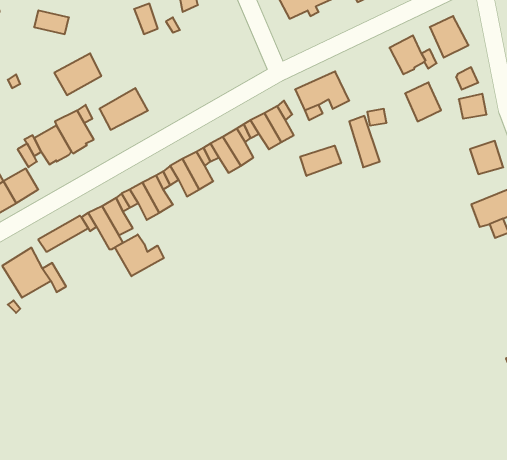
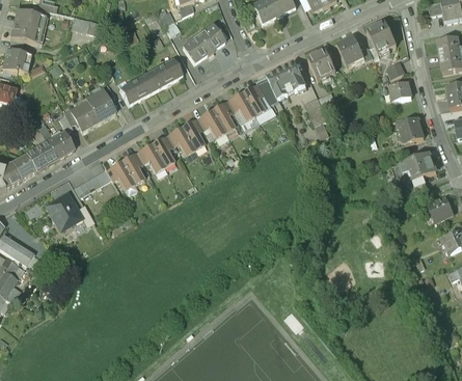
building: none -> [183,26,224,63]
building: [54,53,101,95] -> [146,59,182,90]
building: [405,82,441,121] -> [307,48,334,77]
building: [300,146,341,176] -> none
building: [115,234,164,276] -> none

